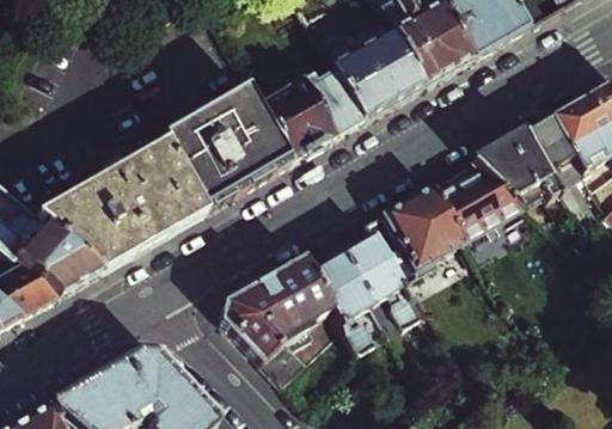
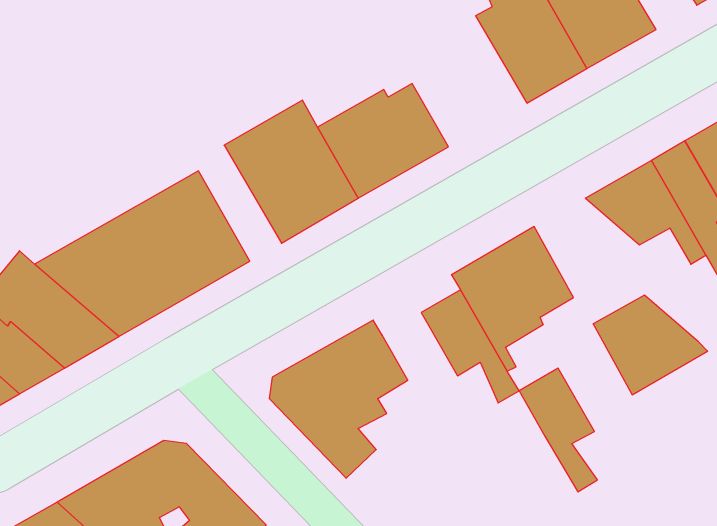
building: [316,16,422,119] -> none
building: [158,118,227,210] -> none
building: [428,160,519,239] -> [593,295,708,395]
building: [307,251,369,349] -> [519,368,597,492]

